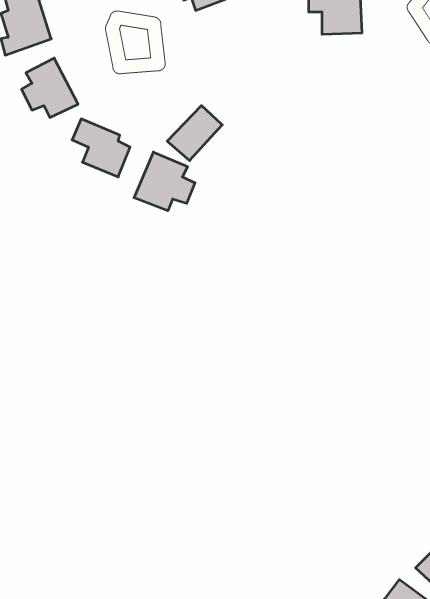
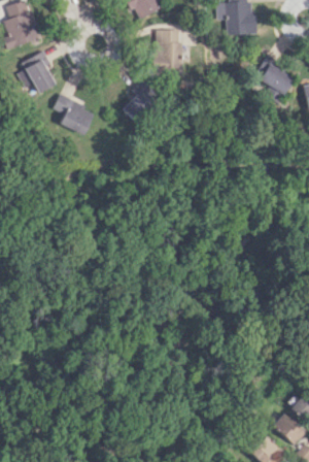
building: none -> [154,29,182,75]
building: none -> [260,64,294,96]
building: [134,152,195,211] -> none

